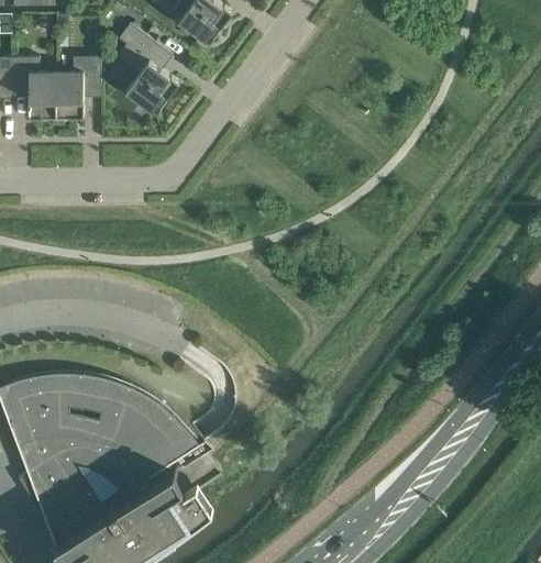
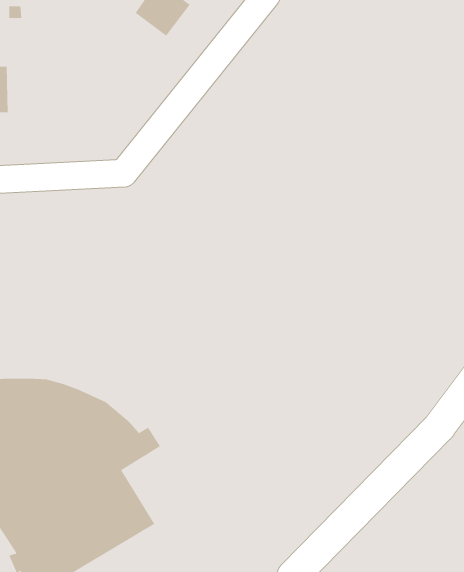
building: [115,23,179,113] -> none
building: [55,57,100,118] -> none

